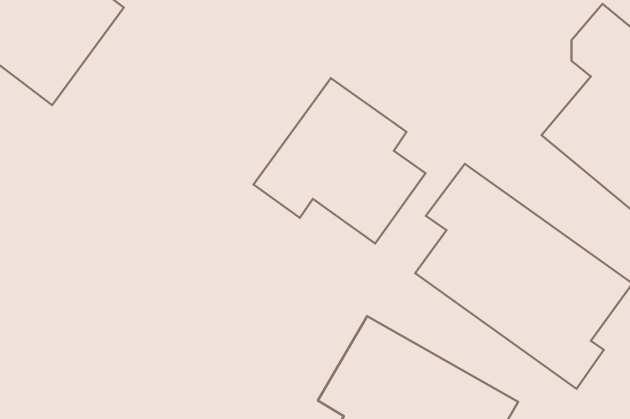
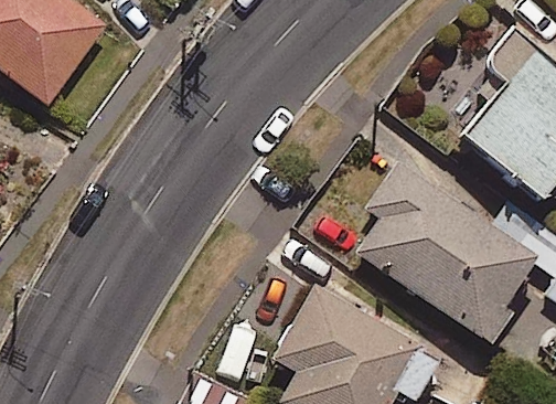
building: [254,78,425,244] -> none

